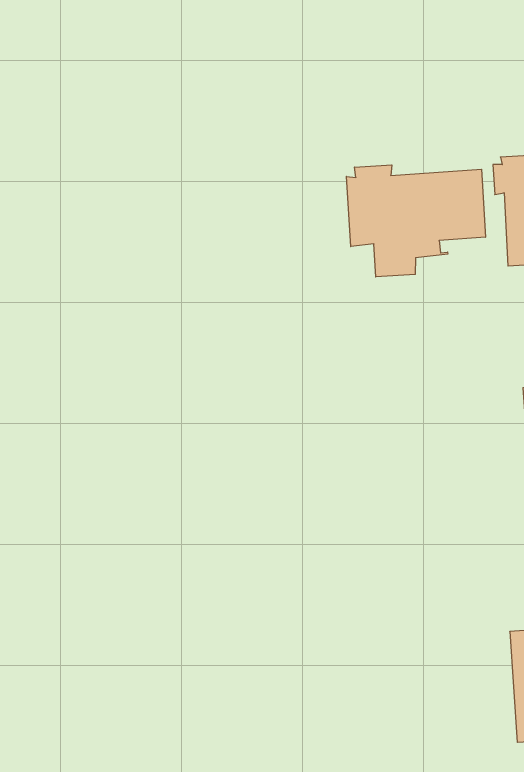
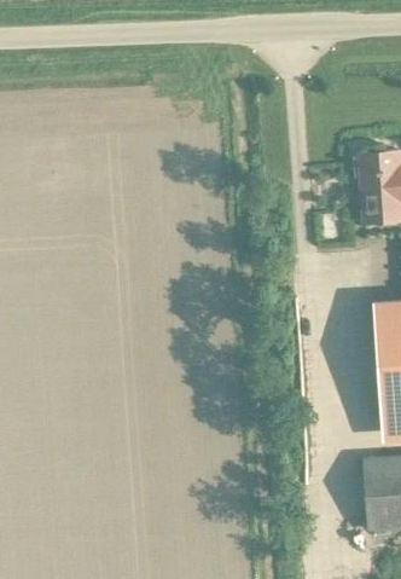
building: [346,165,485,277] -> none

